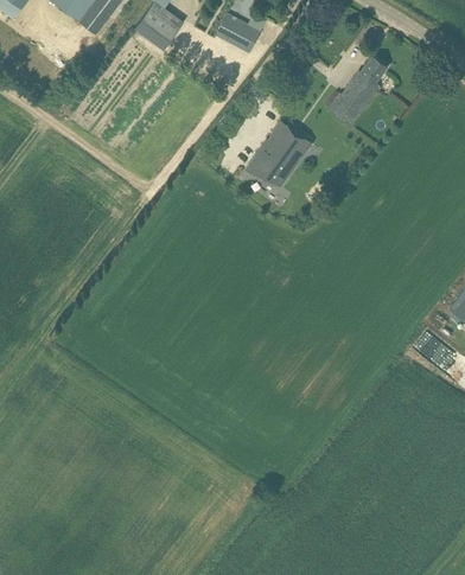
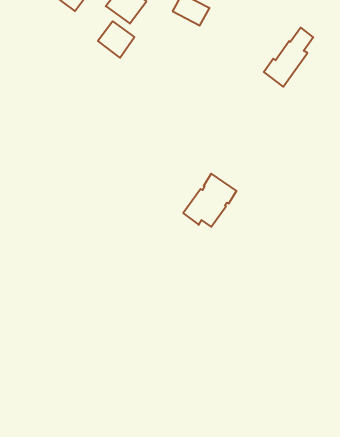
building: none -> [98,21,134,58]
building: [243,121,308,186] -> [183,174,237,227]

